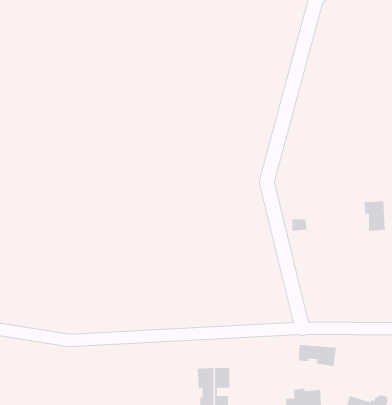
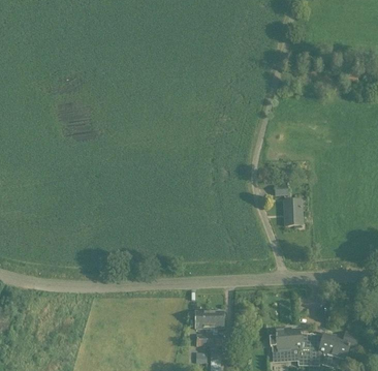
building: [363,201,385,232] -> [282,199,301,225]
building: [298,344,336,367] -> none

